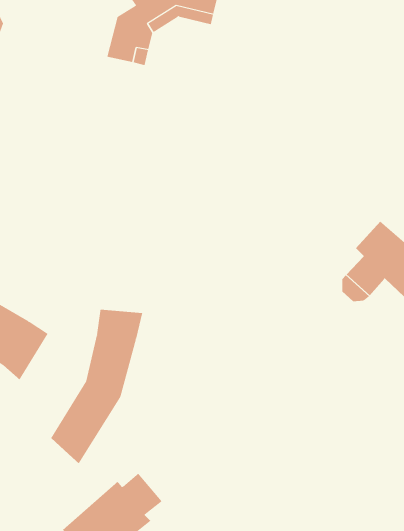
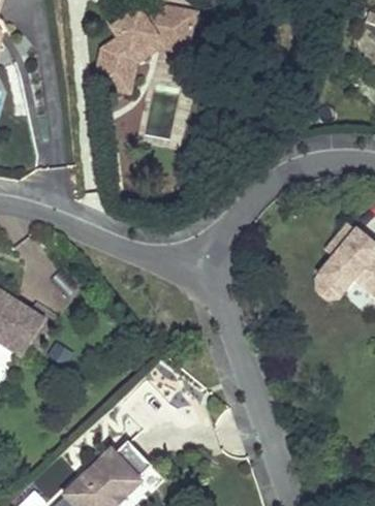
building: [51,309,143,464] -> none

